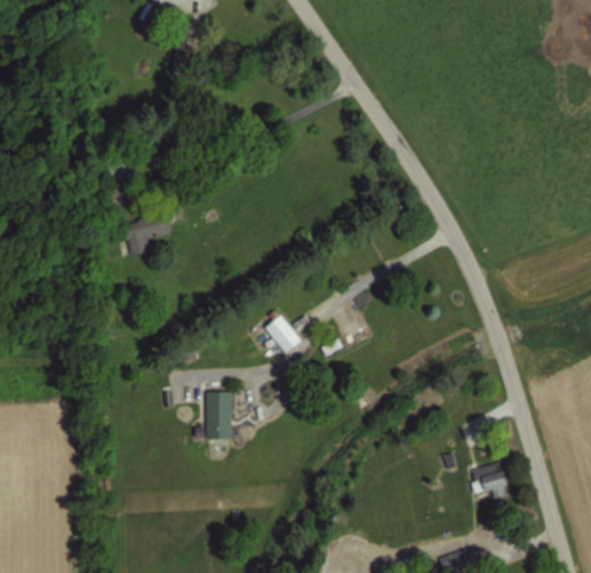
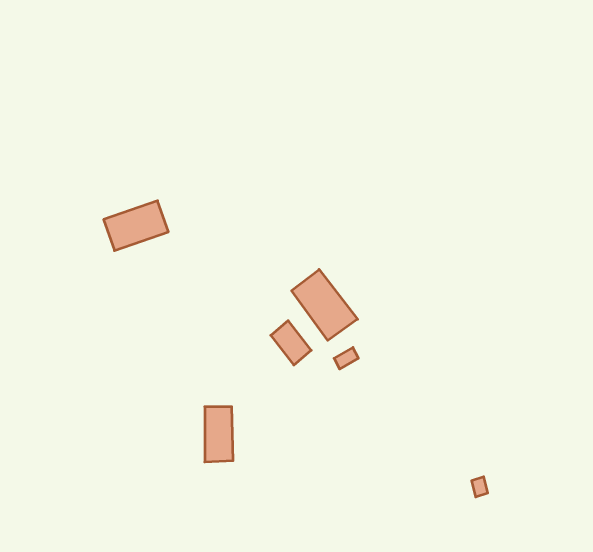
building: none -> [292,269,358,340]
building: [474,462,509,499] -> none

